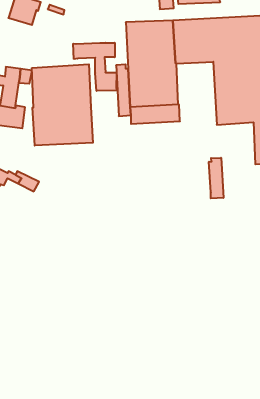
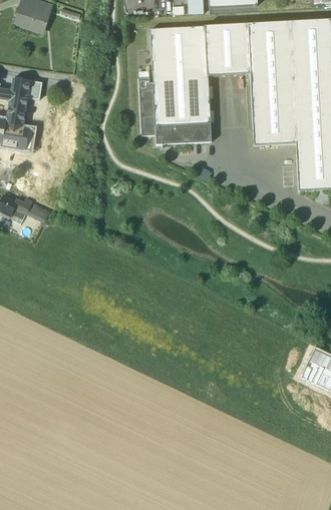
building: [73,43,117,91] -> none
building: [32,64,93,146] -> none
building: [209,158,223,198] -> none

